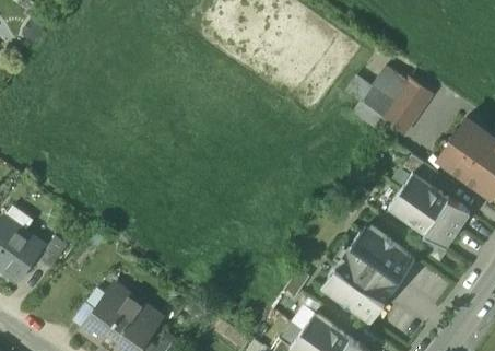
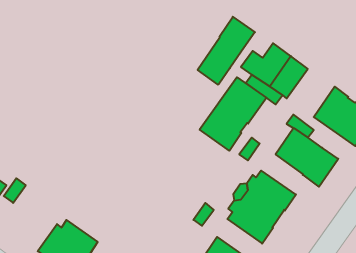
building: none -> [198,17,255,85]
building: none -> [200,77,266,151]

